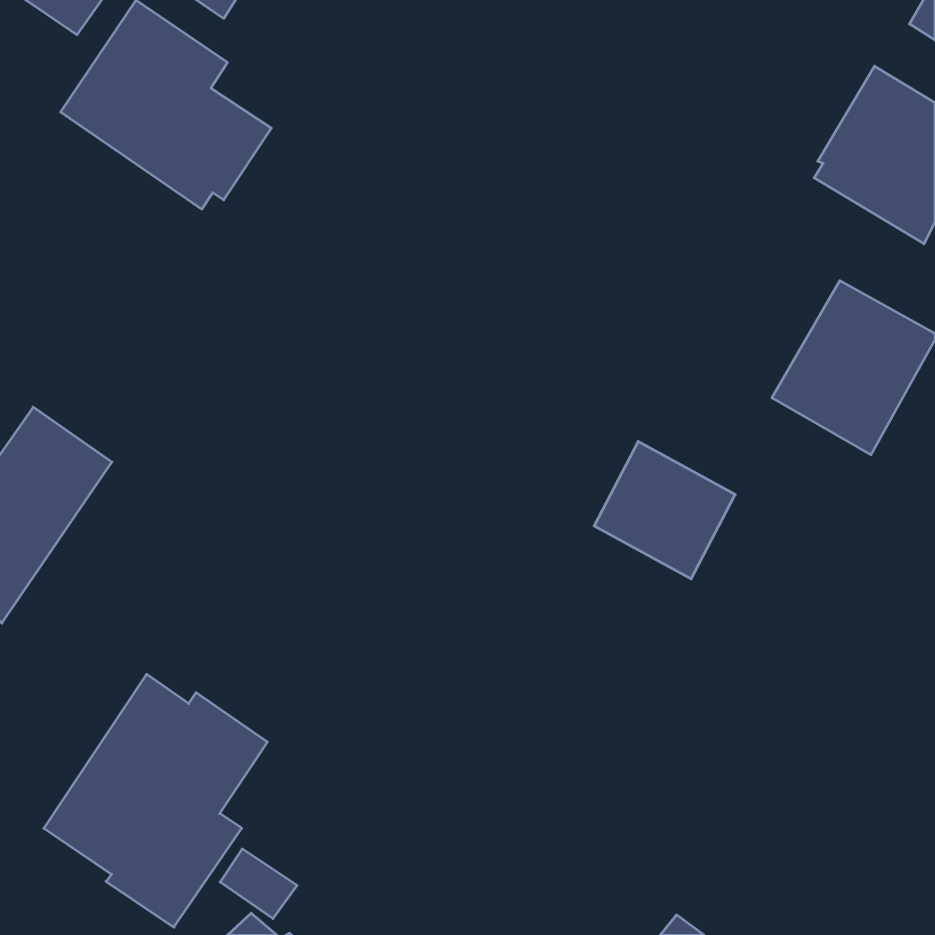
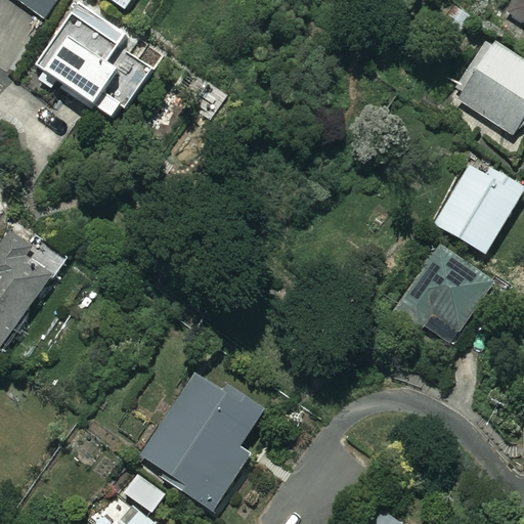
building: [594,441,735,579] -> [410,250,489,326]
building: [44,674,267,927] -> [140,368,265,510]

